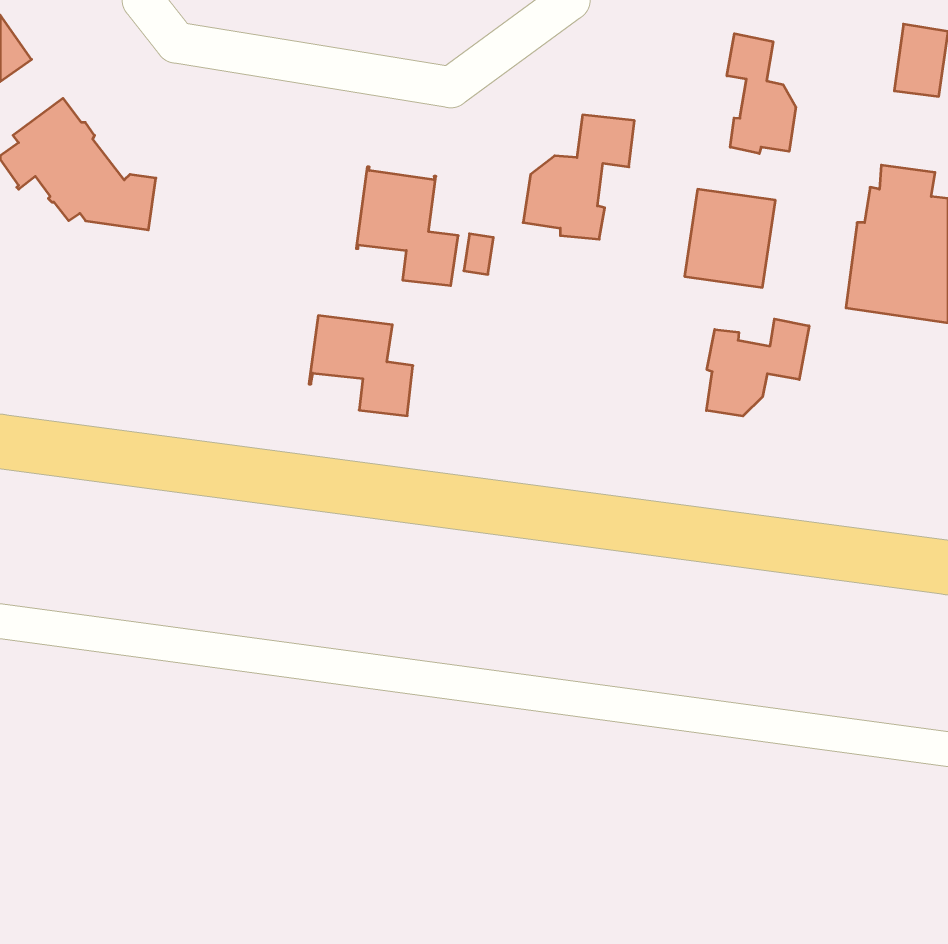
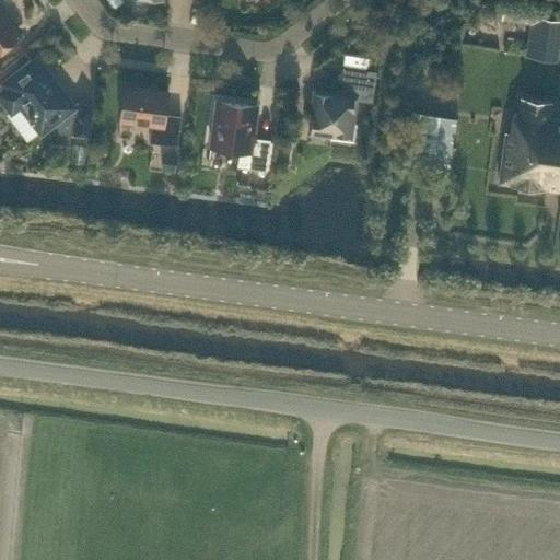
building: [727,34,796,154] -> none
building: [309,316,413,416] -> [119,88,180,147]
building: [706,319,809,416] -> none

